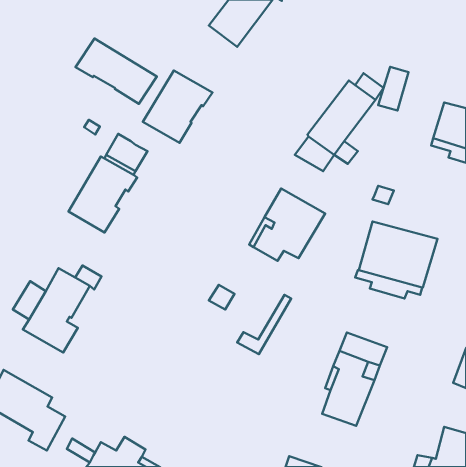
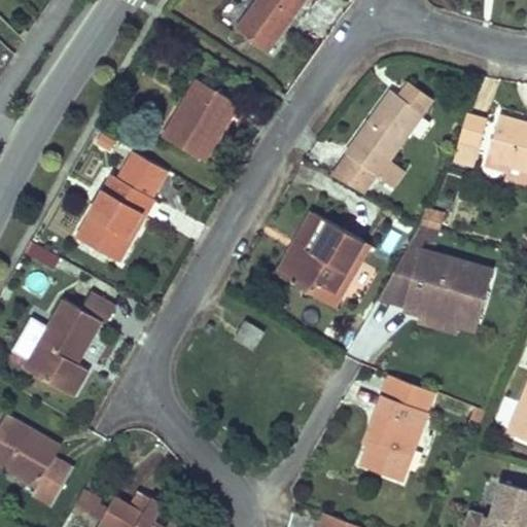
building: [75,39,157,104] -> none
building: [378,67,408,111] -> [453,113,487,163]
building: none -> [378,245,419,304]
building: [237,295,291,354] -> [312,240,373,307]

